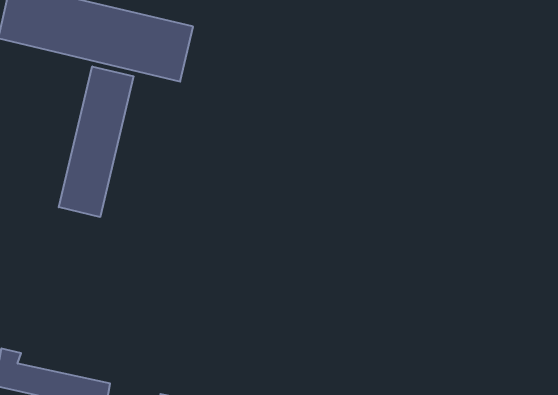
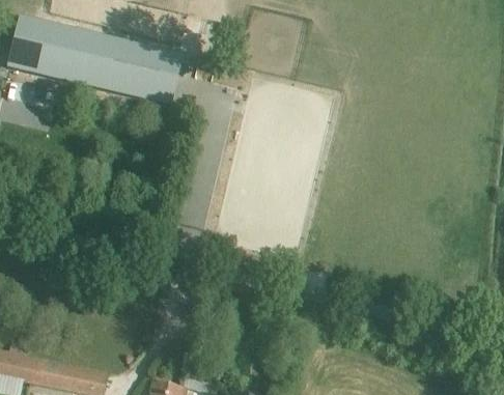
building: [59,66,134,217] -> none

